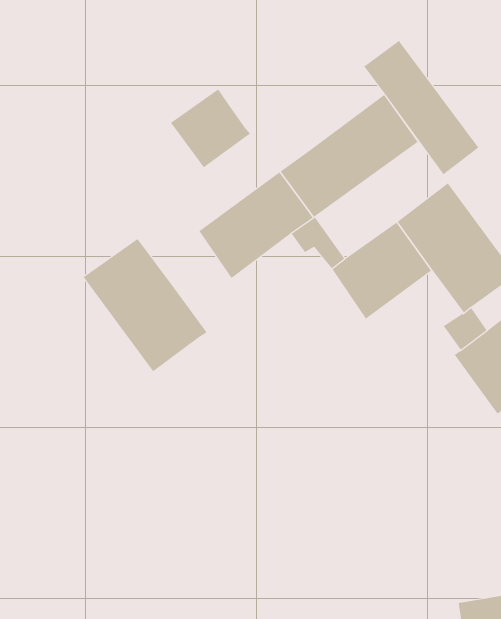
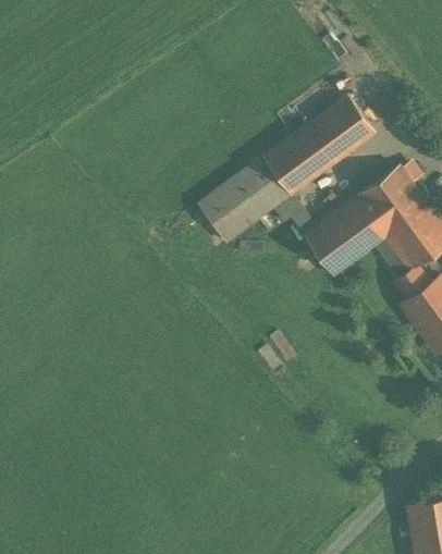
building: [364,40,479,175] -> none
building: [170,89,251,168] -> none
building: [83,238,208,372] -> none

